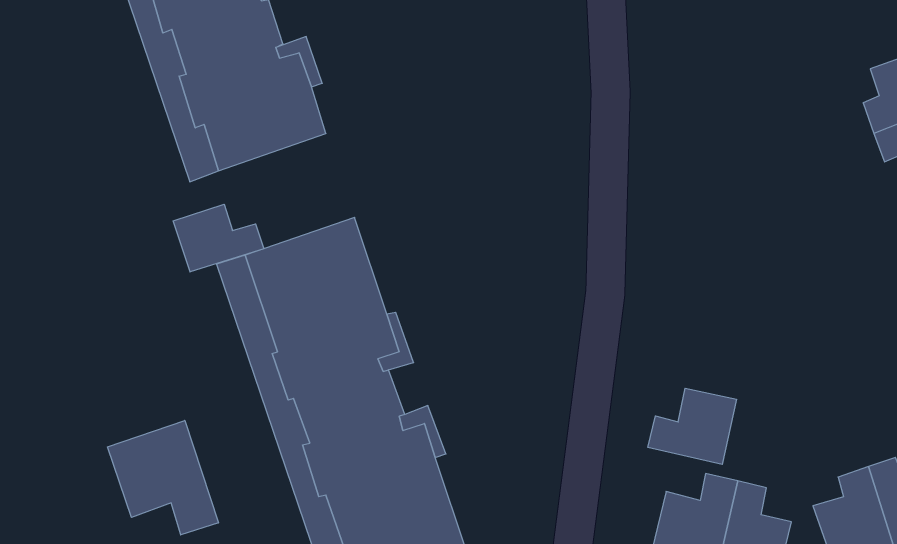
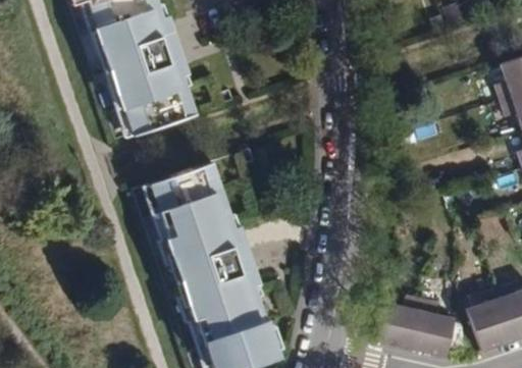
building: [173,204,264,272] -> none
building: [648,388,736,464] -> none
building: [107,420,218,535] -> none

